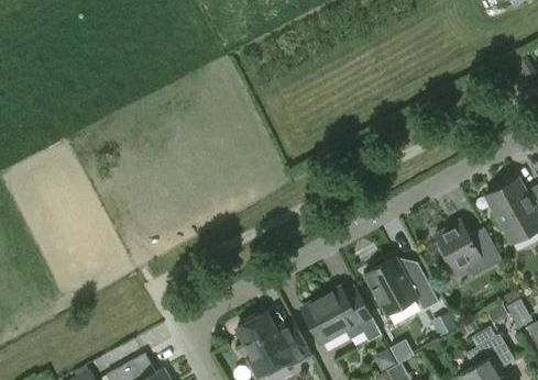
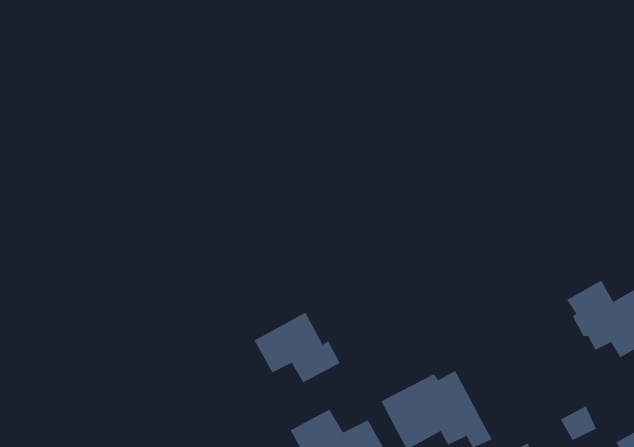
building: none -> [254,312,341,383]
building: [364,258,439,316] -> none

